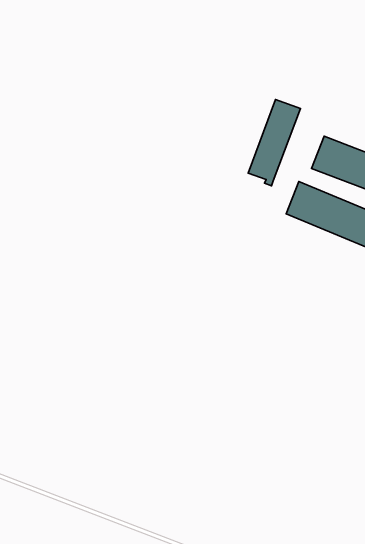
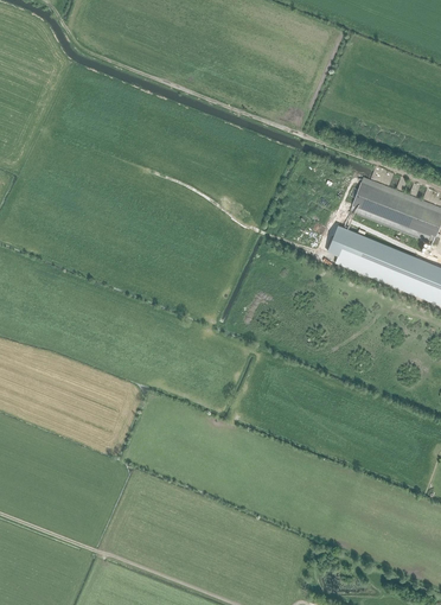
building: [248,100,301,186] -> none

